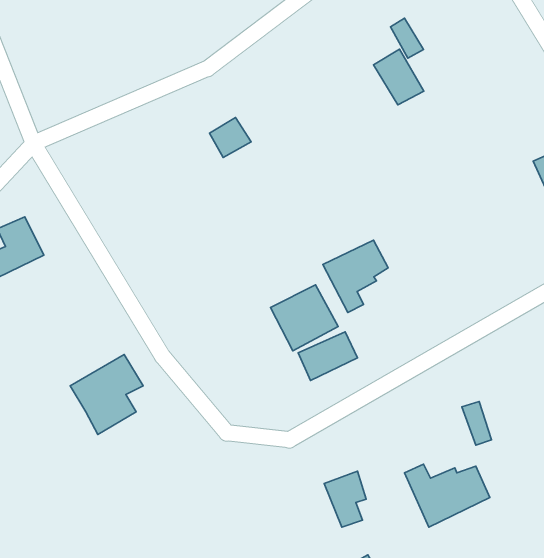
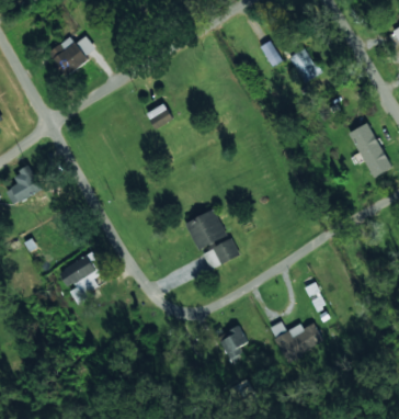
building: none -> [48,35,95,76]
building: [373,49,424,105] -> [289,47,321,82]
building: [323,240,388,312] -> none

